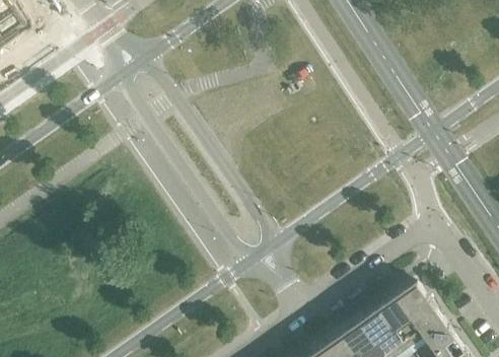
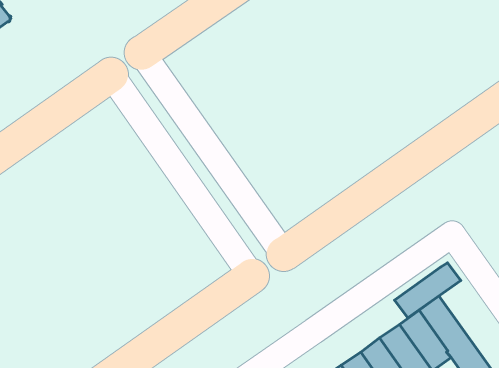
building: none -> [394,263,461,318]

